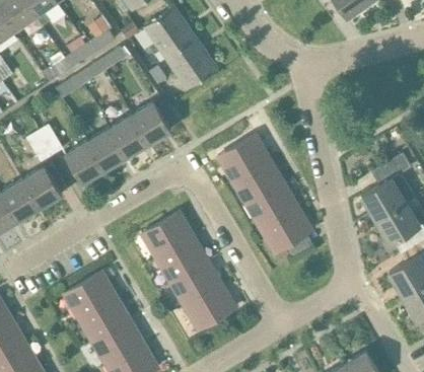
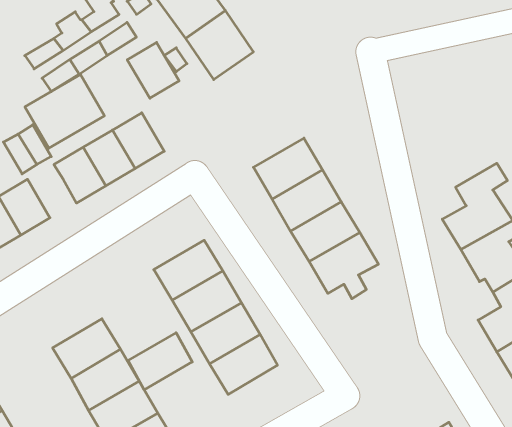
building: none -> [25,75,104,148]
building: [132,101,171,144] -> [127,42,179,98]
building: none -> [128,333,192,390]

